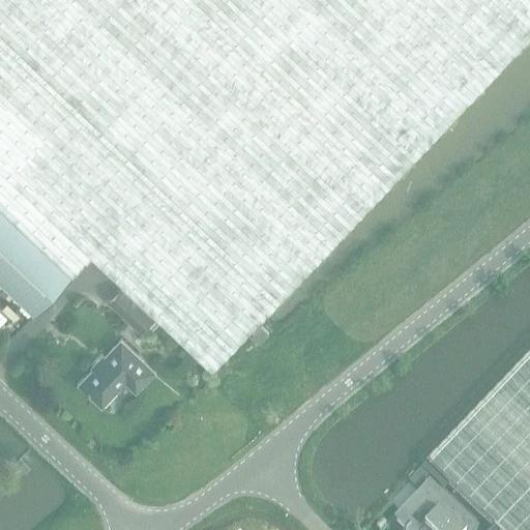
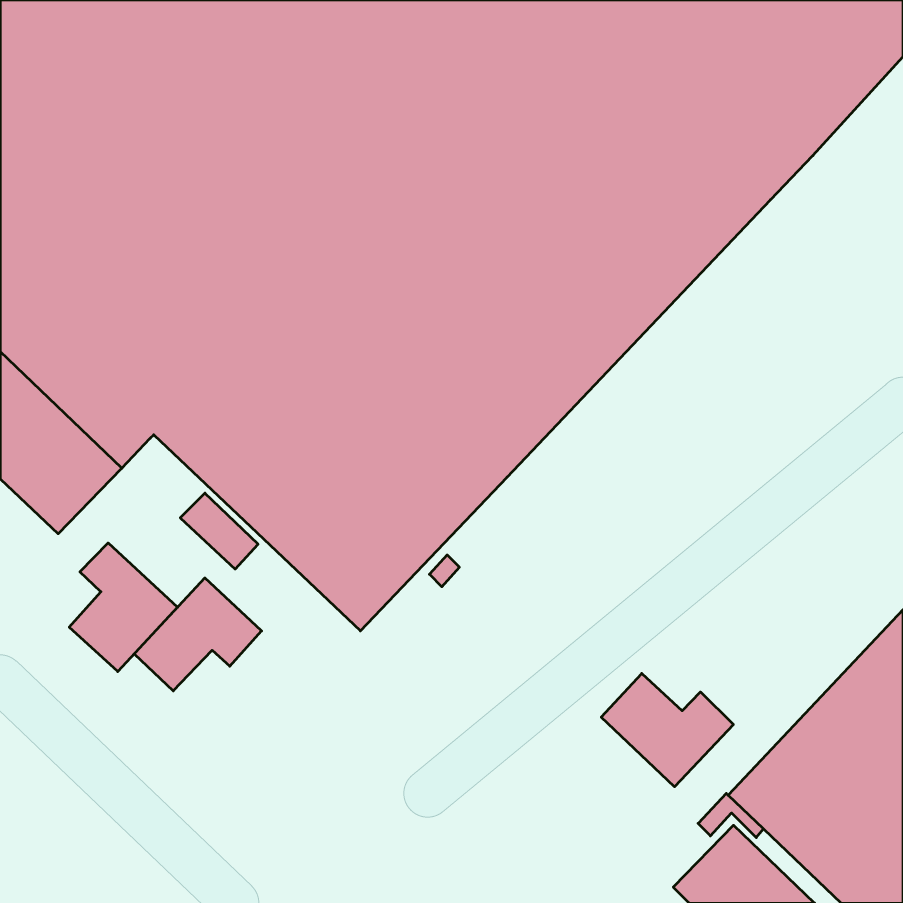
building: none -> [69,543,178,672]
building: none -> [601,673,733,787]

